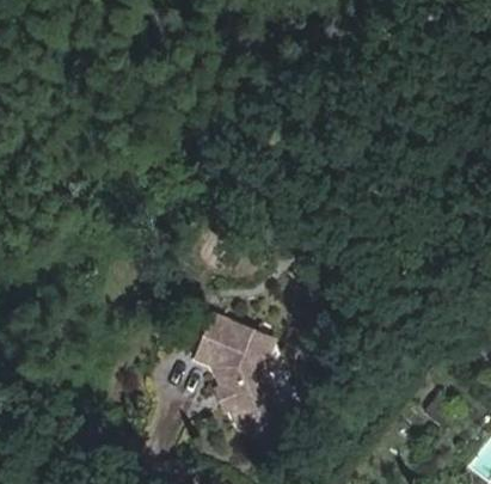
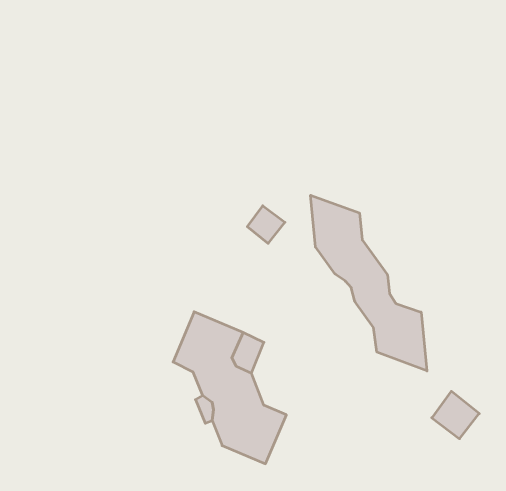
building: none -> [311,195,427,371]

